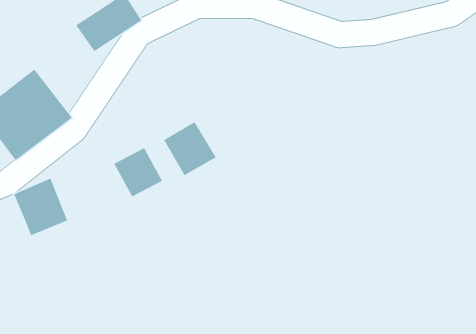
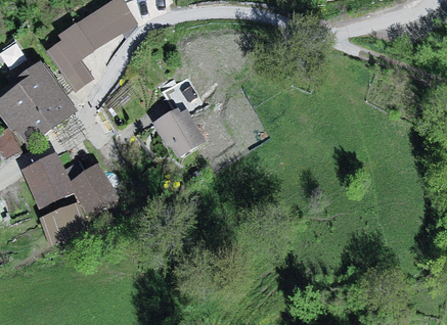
building: none -> [45,28,96,93]
building: [113,147,163,198] -> [70,168,114,212]
building: none -> [37,206,80,245]

